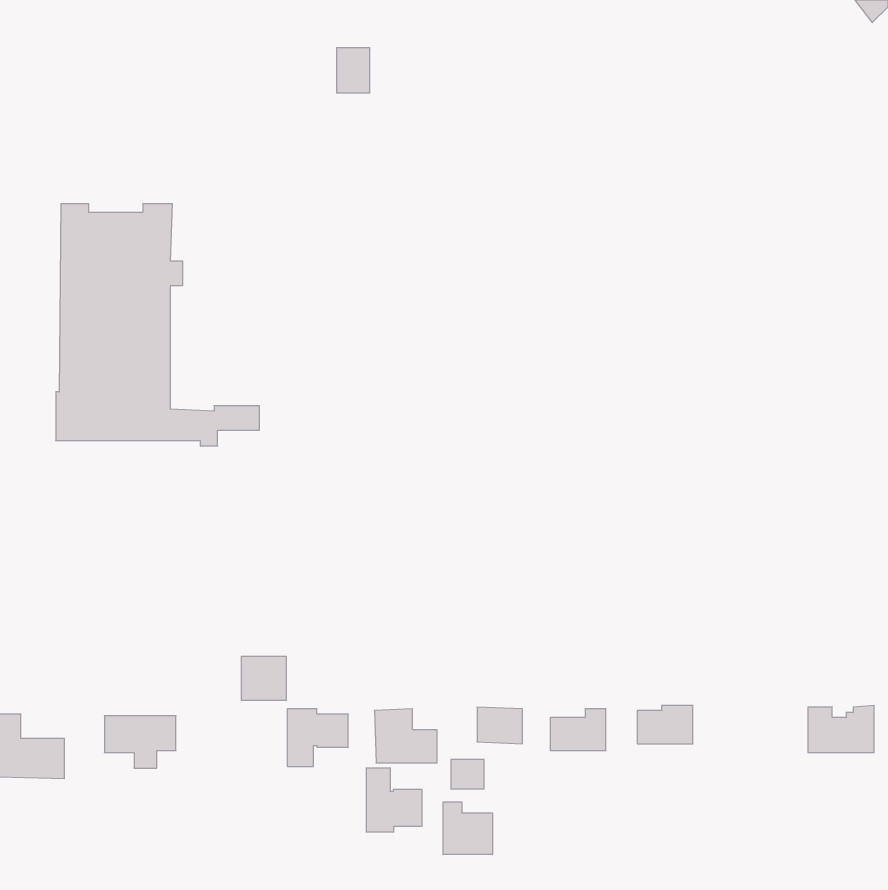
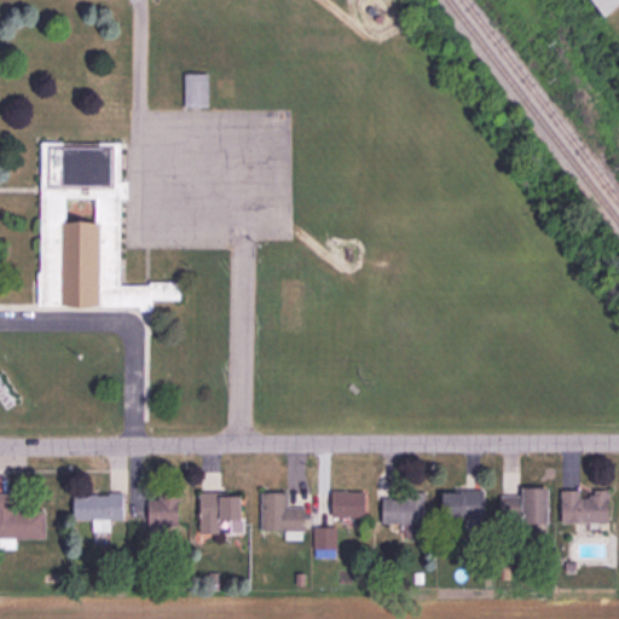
building: [337,48,370,93] -> [185,74,208,105]
building: [241,656,286,700] -> [147,498,179,528]
building: none -> [501,487,548,522]
building: [366,768,422,832] -> none
building: [443,802,492,855] -> none

